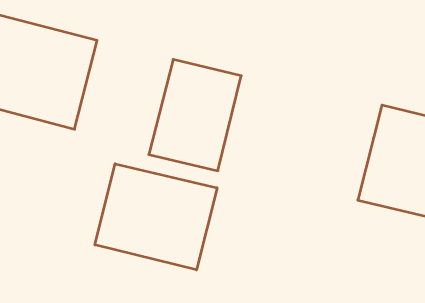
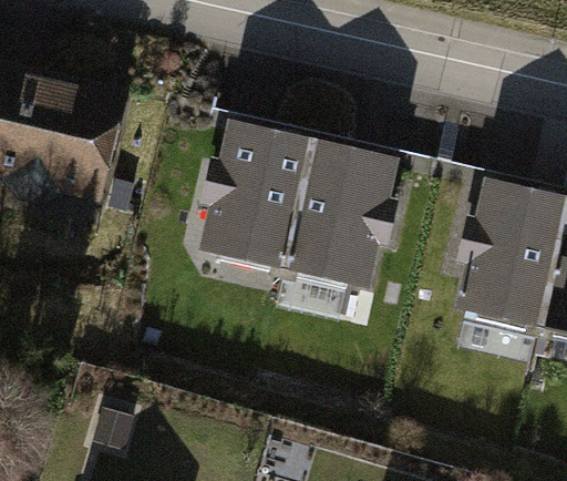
building: none -> [280,143,406,289]
building: [95,164,217,270] -> none

